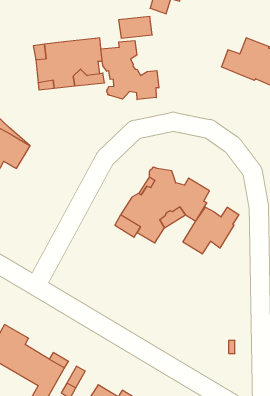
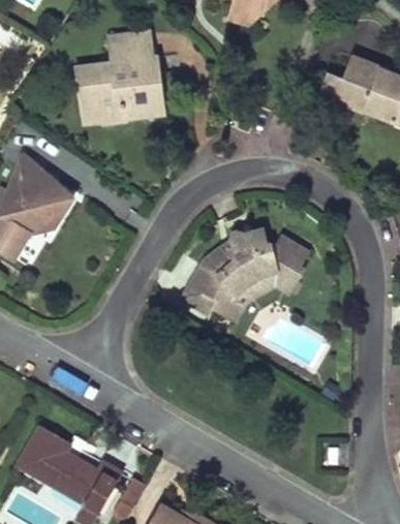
building: [119,17,152,38] -> [113,33,156,61]
building: [101,41,159,100] -> none
building: [183,207,239,254] -> none

